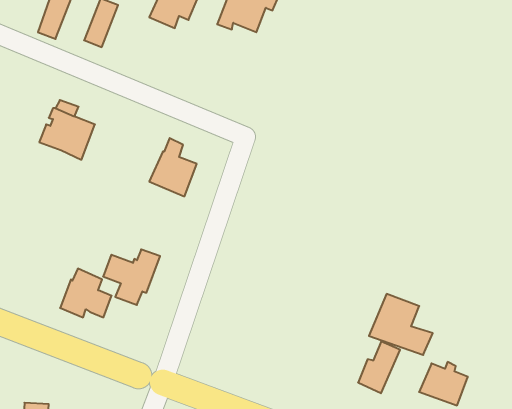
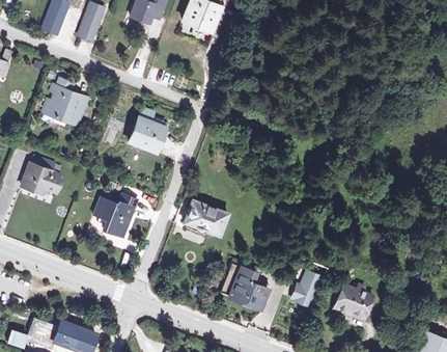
building: none -> [183,198,226,235]
building: [60,269,112,317] -> [22,157,61,194]
building: [369,294,433,355] -> [219,259,268,305]

